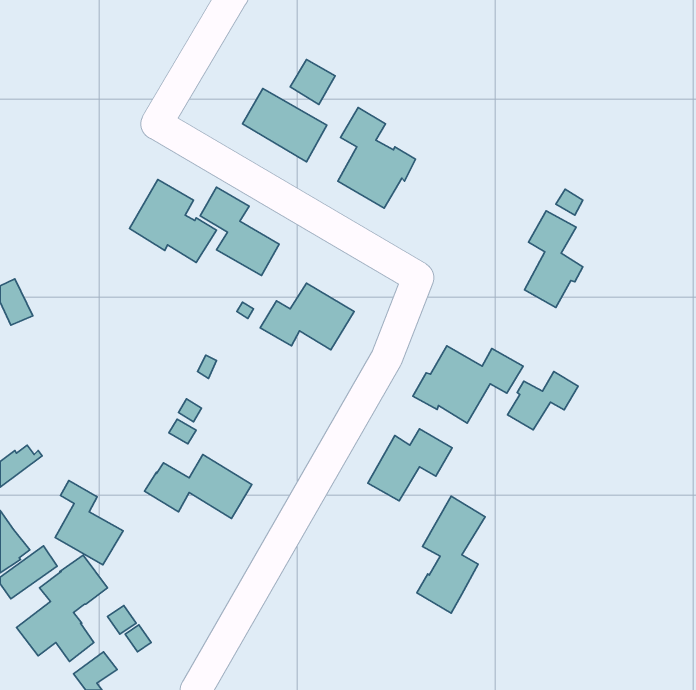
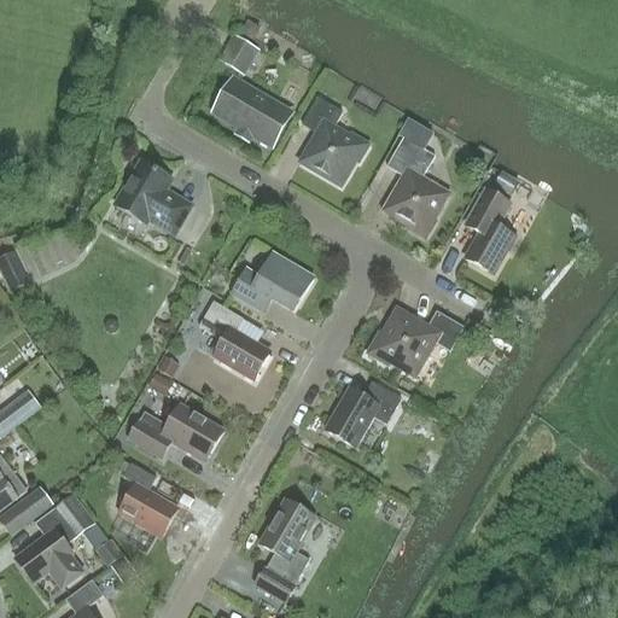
building: [290,60,335,105] -> [218,31,258,71]
building: none -> [383,135,448,237]
building: [200,187,279,276] -> [199,299,269,378]
building: [507,372,578,430] -> none
building: [55,480,123,565] -> [118,461,179,536]
building: [417,496,485,613] -> [255,497,315,601]

